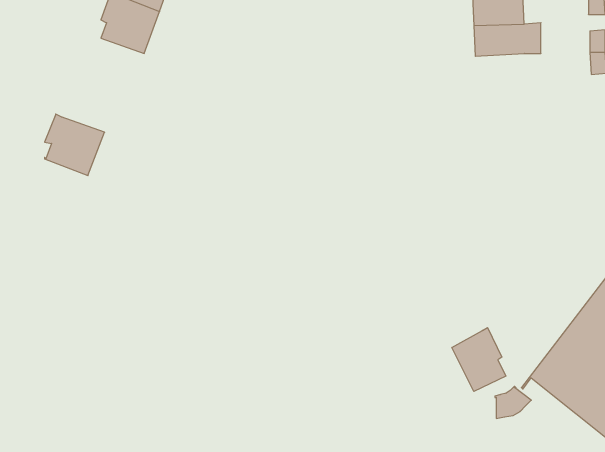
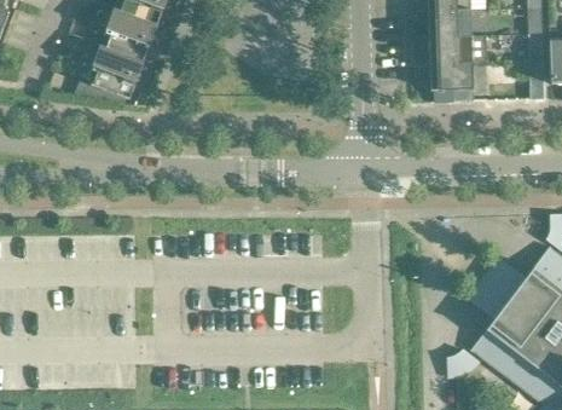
building: none -> [431,62,488,103]
building: [45,114,105,176] -> [93,46,145,99]
building: [452,328,506,391] -> none

